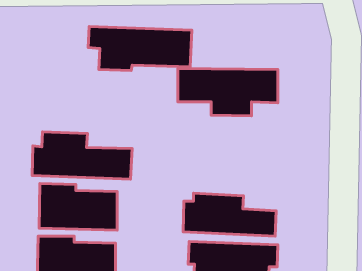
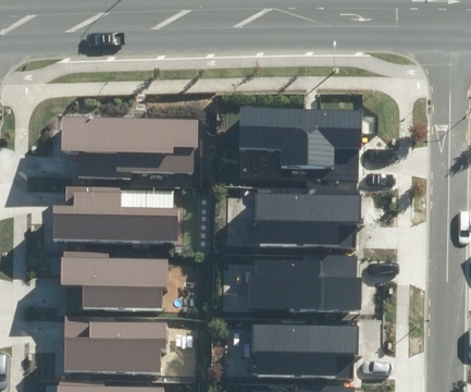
building: [88,27,192,70] -> [61,123,189,177]
building: none -> [255,188,355,244]

